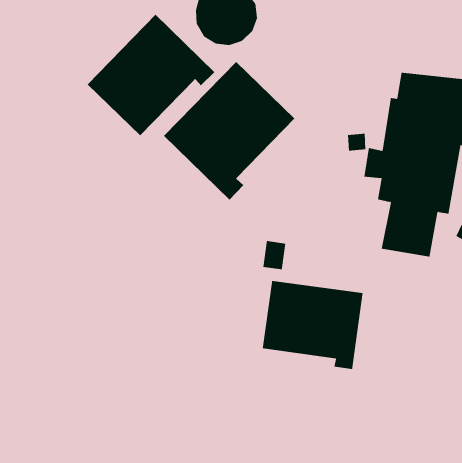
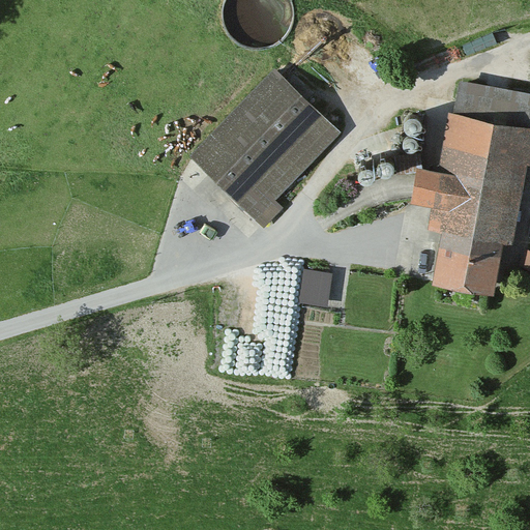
building: [87,14,215,136] -> none
building: [262,280,363,370] -> none

